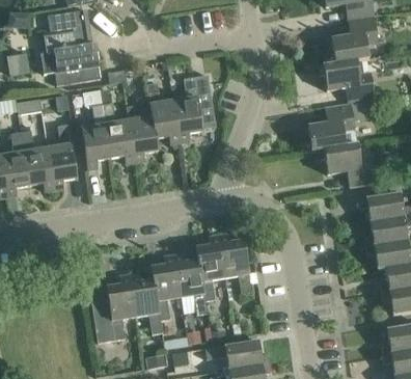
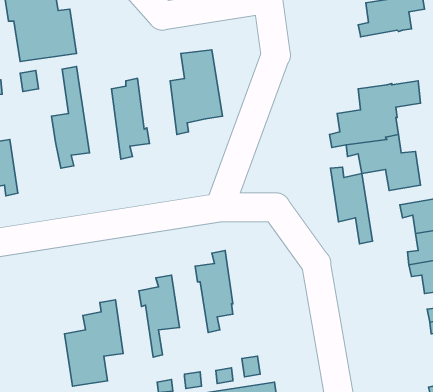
building: [314,59,374,103] -> none
building: [146,82,181,143] -> none
building: [101,87,136,163] -> none
building: [48,125,77,189] -> none
building: [219,234,252,295] -> [331,167,372,244]
building: [176,253,208,314] -> none
building: [132,273,162,333] -> none

